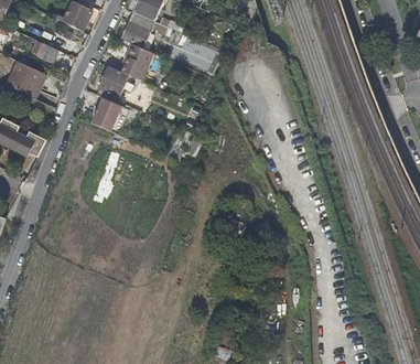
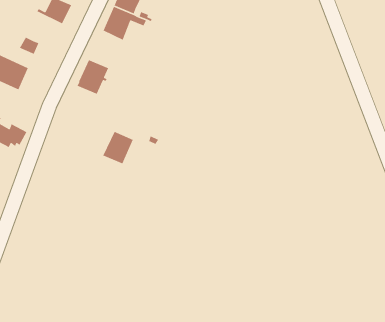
building: [120,43,151,78] -> none
building: [89,96,121,130] -> [102,131,134,165]

